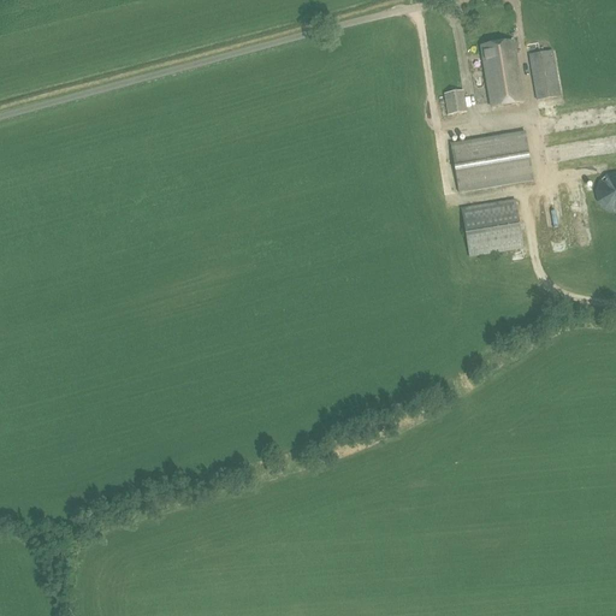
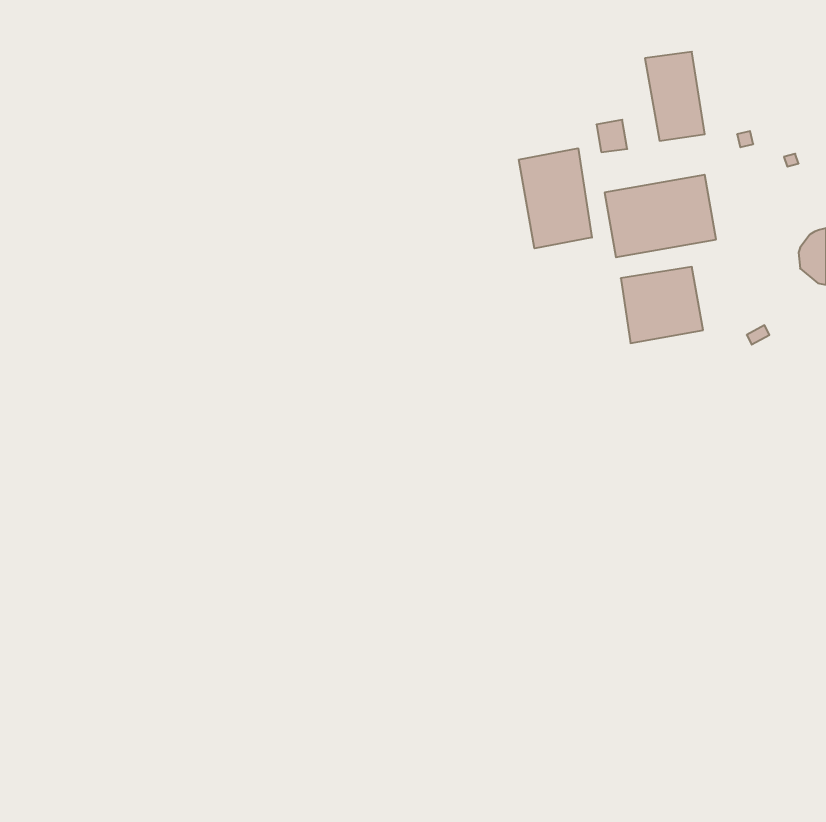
building: [529,49,559,99] -> none
building: none -> [519,148,592,248]

